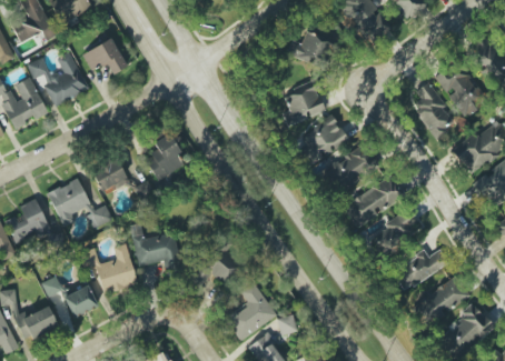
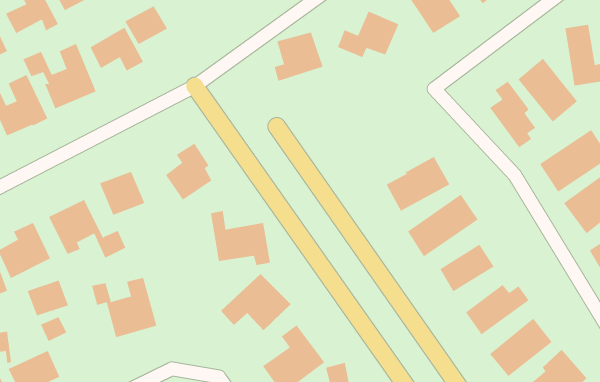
building: none -> [124,5,168,45]
building: [283,83,324,124] -> [274,32,324,82]
building: [298,116,348,164] -> none
building: [130,222,180,268] -> [210,210,271,266]
building: [63,285,98,315] -> [27,280,69,316]

